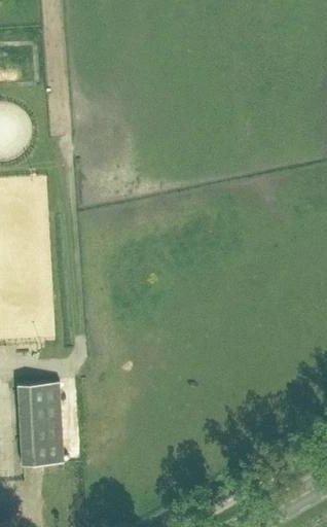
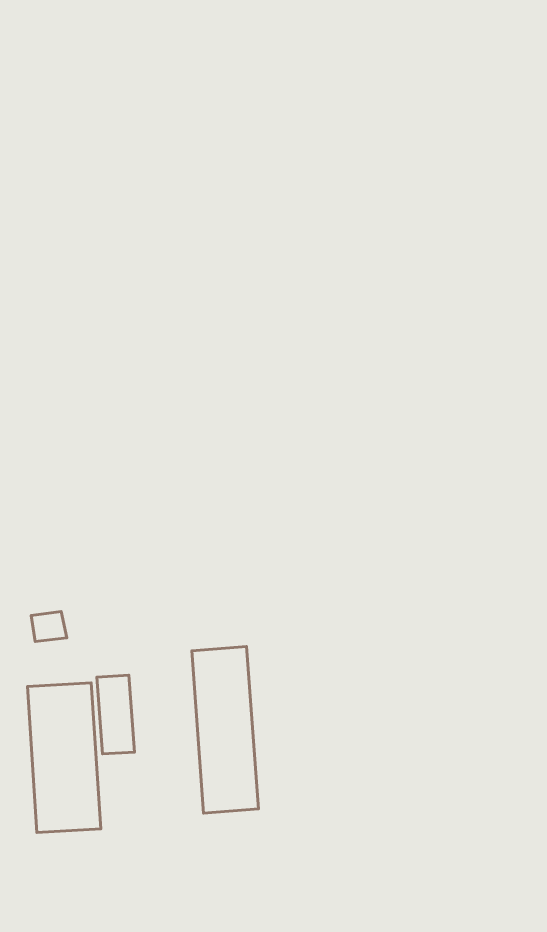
building: none -> [192,646,258,813]

